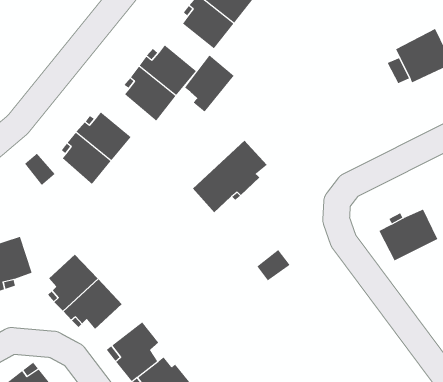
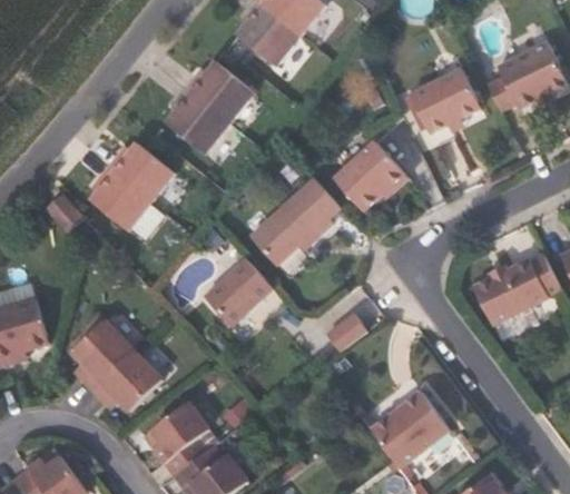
building: none -> [407,69,479,135]
building: [184,55,234,112] -> none
building: none -> [333,142,403,211]
building: none -> [204,259,272,327]
building: none -> [366,388,448,466]

